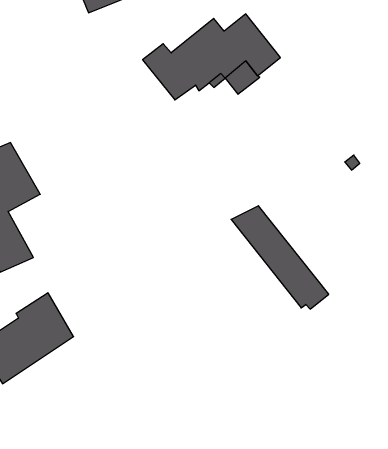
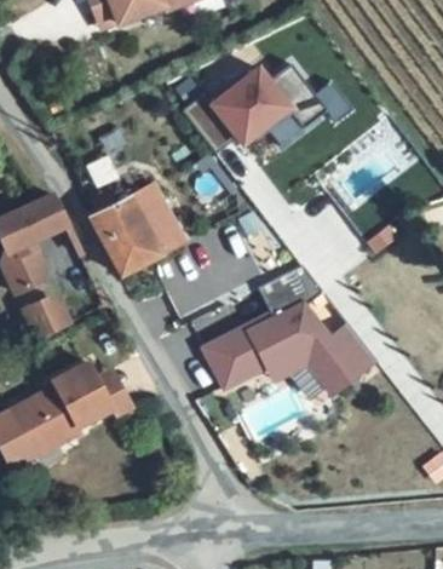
building: none -> [84,182,179,271]
building: none -> [207,278,350,386]

